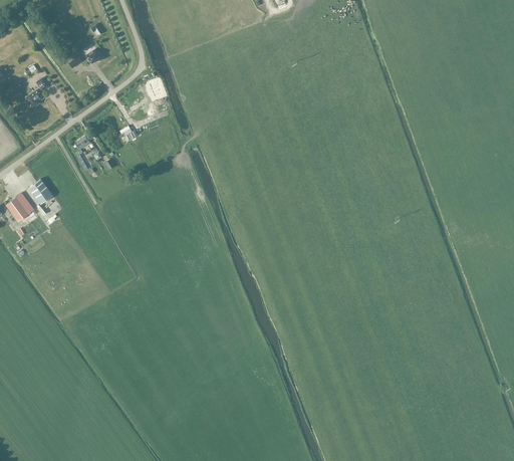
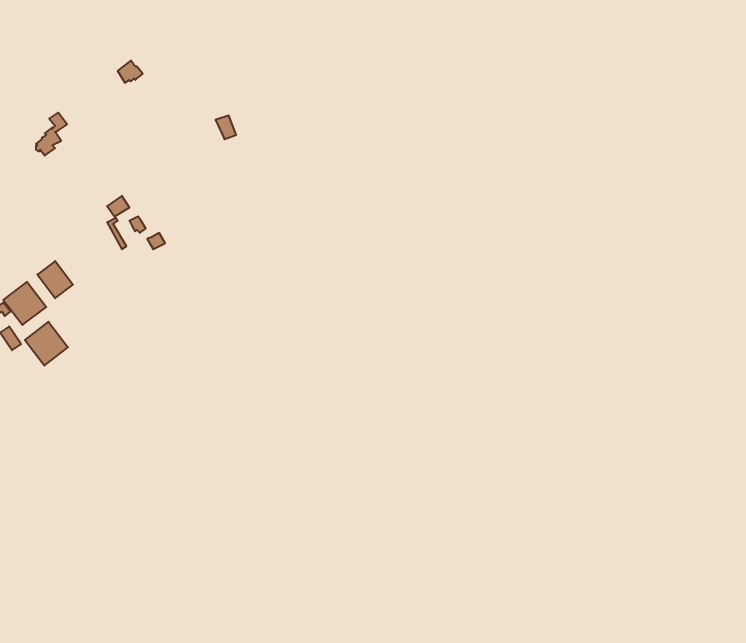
building: none -> [25,322,68,366]

